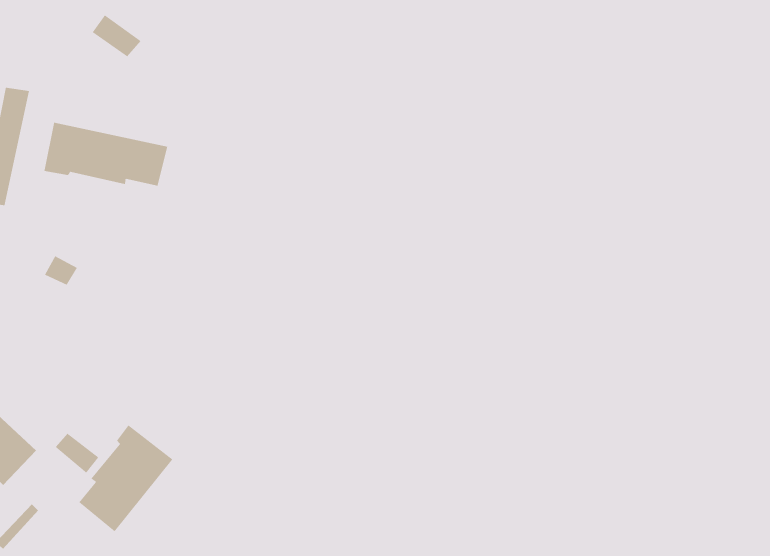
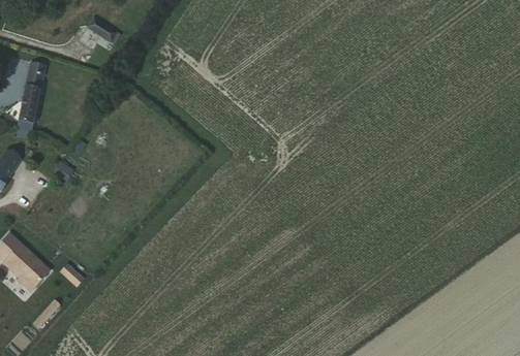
building: [44,122,168,187] -> none
building: [78,424,173,532] -> none

